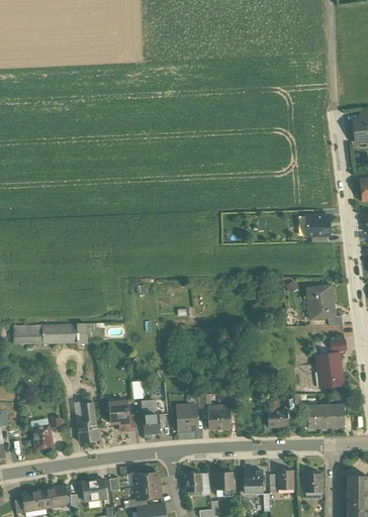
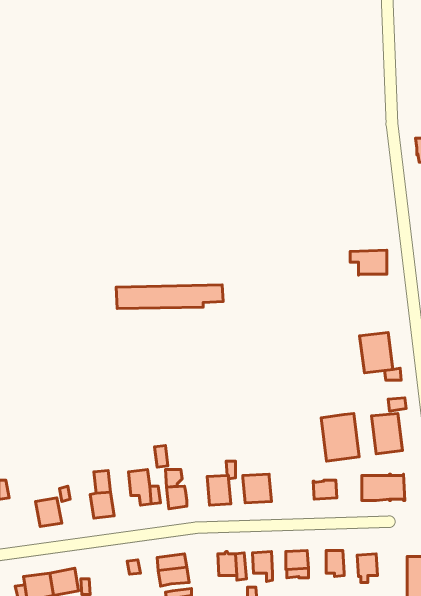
building: [13,323,104,343] -> [116,285,223,309]
building: none -> [321,414,359,461]
building: [82,479,106,501] -> none

